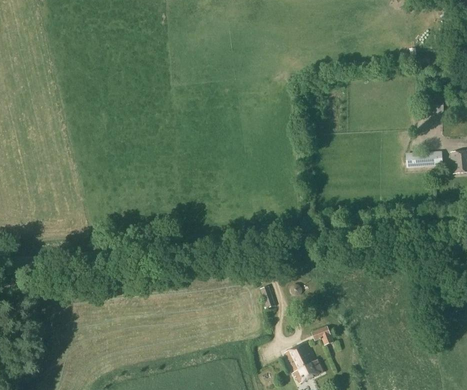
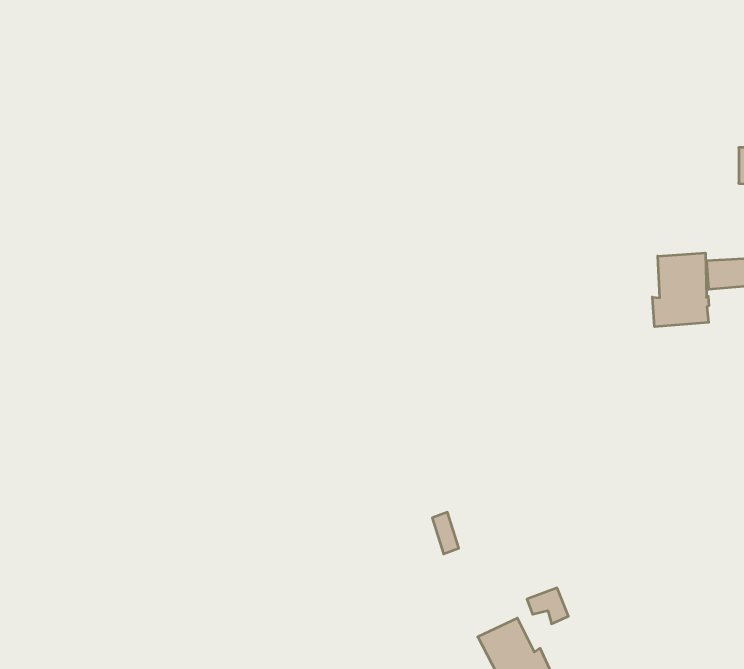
building: none -> [652,253,709,327]

